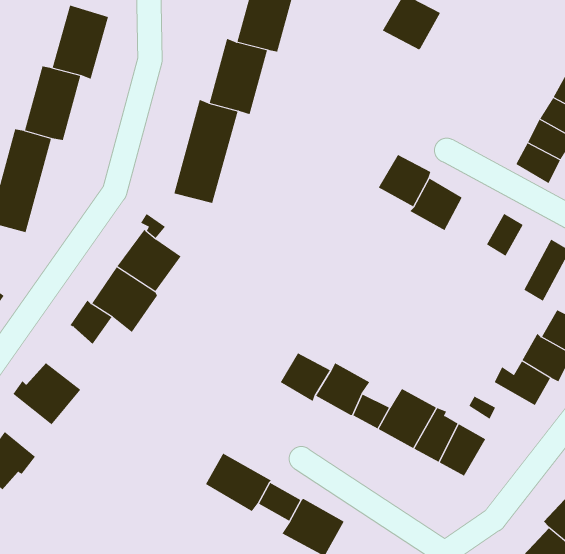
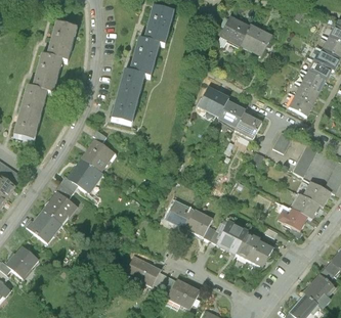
building: none -> [239,25,270,56]
building: none -> [197,87,227,118]
building: none -> [43,190,76,223]

